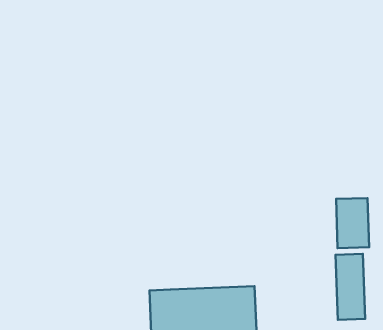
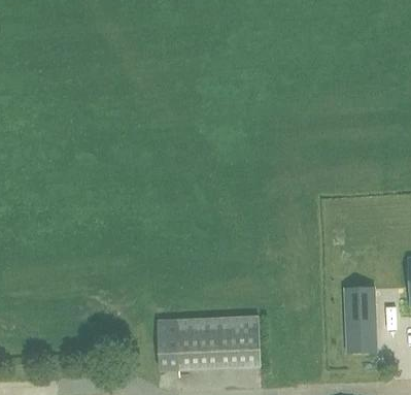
building: [336,198,369,248] -> none

